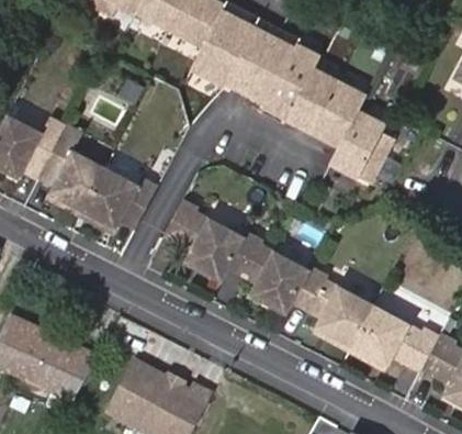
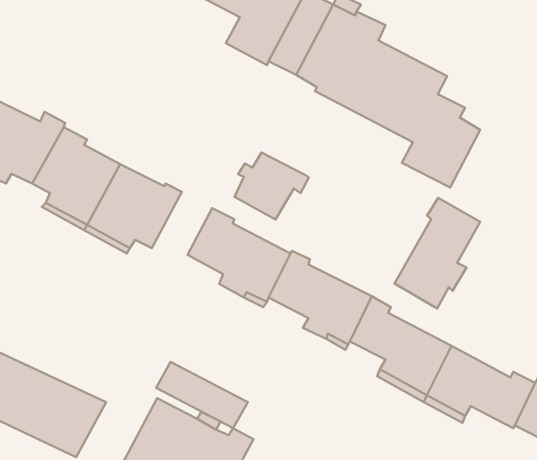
building: none -> [235,153,309,220]
building: none -> [394,198,480,309]
building: none -> [156,362,248,428]

